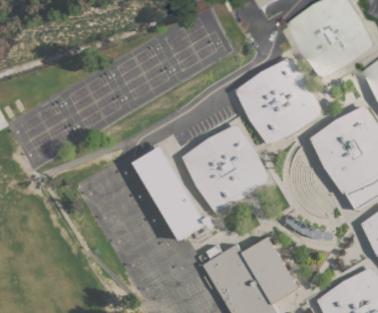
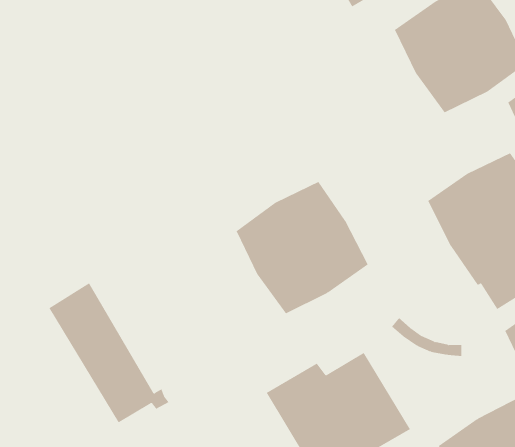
building: [234,57,322,145] -> none
building: [132,146,213,240] -> [49,283,169,423]

